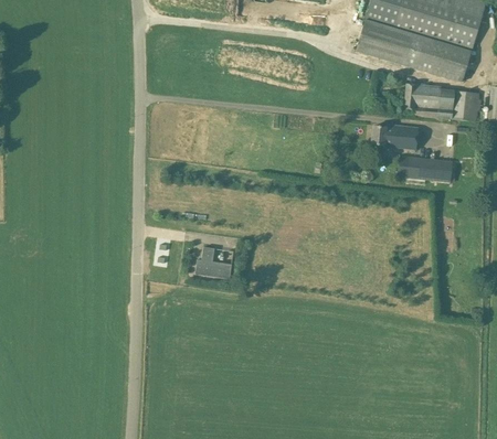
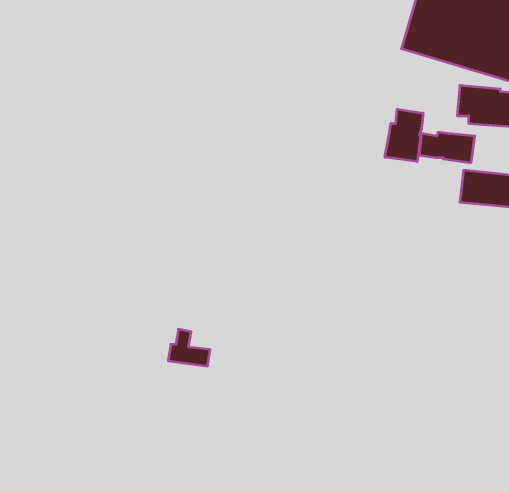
building: none -> [385,109,423,162]
building: [195,245,232,277] -> [168,329,210,366]

